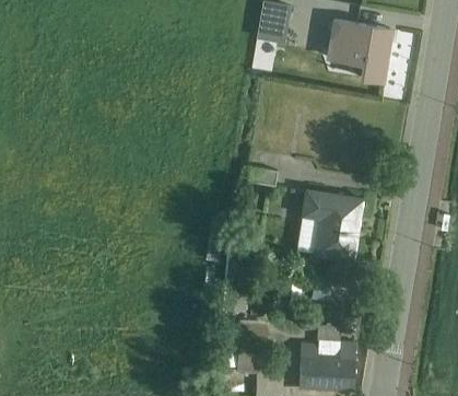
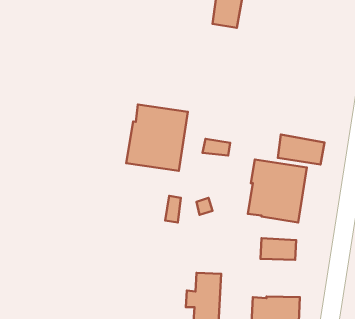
building: [325,20,390,80] -> none
building: none -> [126,104,188,171]
building: none -> [278,134,325,165]

